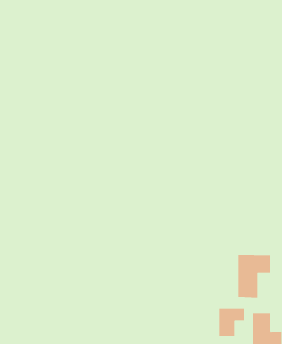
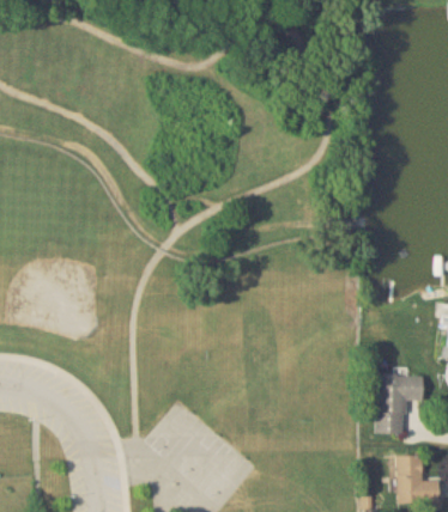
building: [219,308,245,337] -> none

